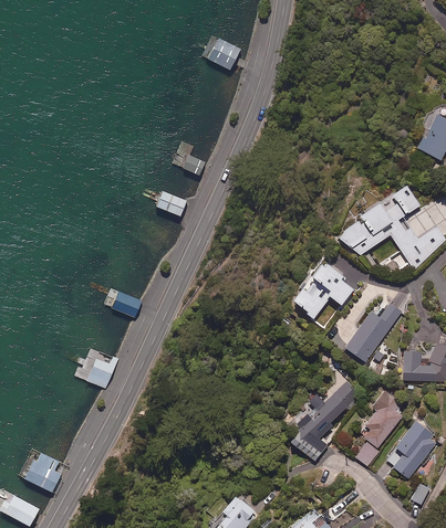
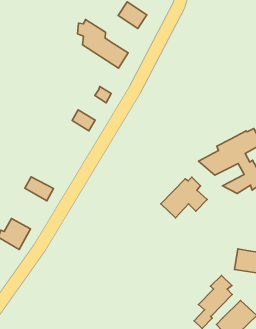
building: none -> [78,19,128,68]
building: [344,304,401,362] -> none
building: [287,382,356,462] -> none

